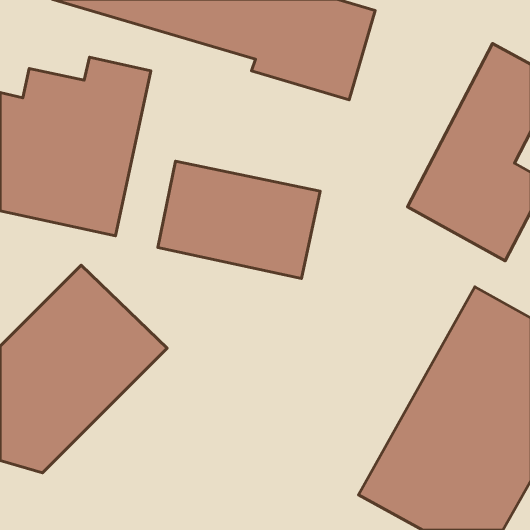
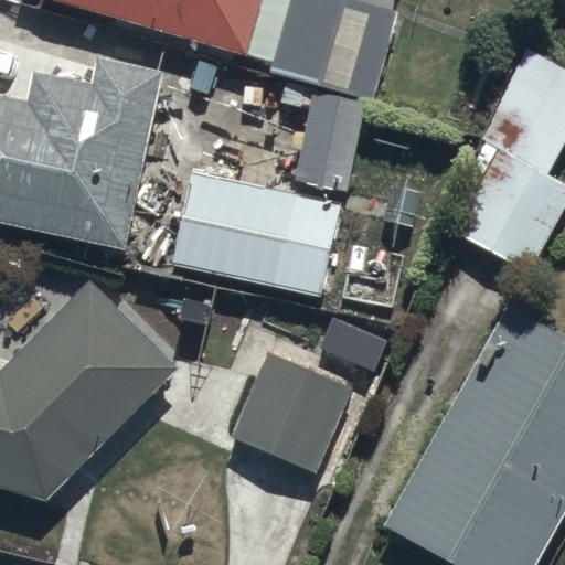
building: none -> [230,350,372,482]

